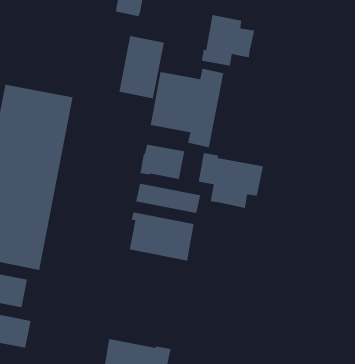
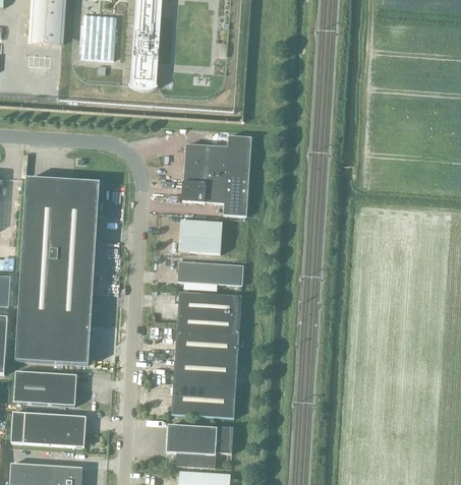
building: [201,14,255,67] -> none
building: [118,35,165,99] -> none
building: [198,152,264,209] -> none
building: none -> [167,330,238,417]

